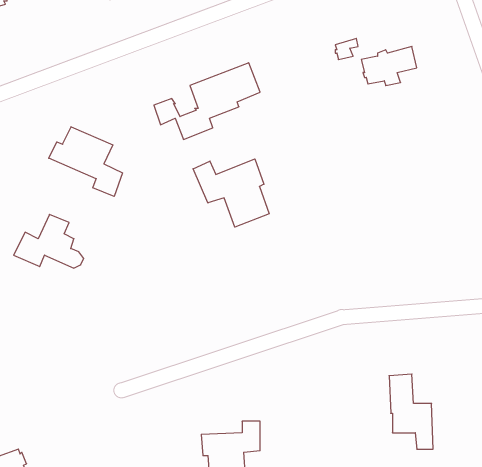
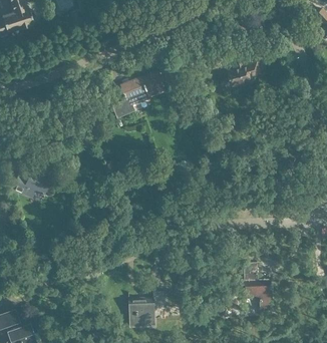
building: [49,127,123,196] -> none
building: [193,159,269,227] -> none

